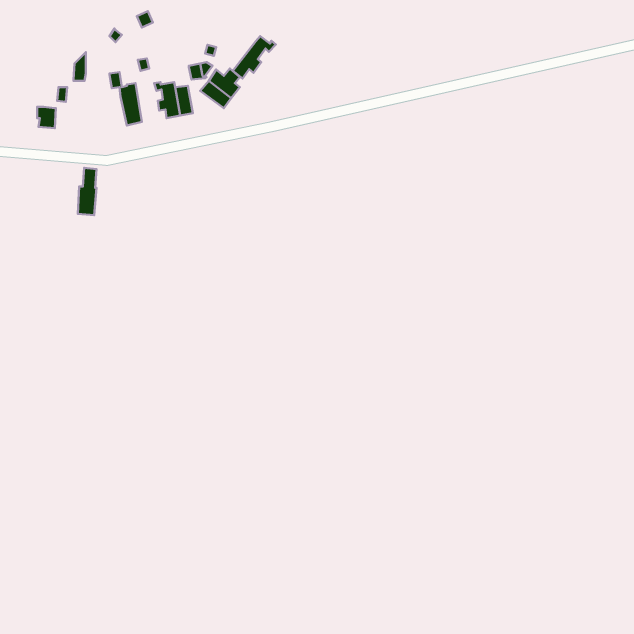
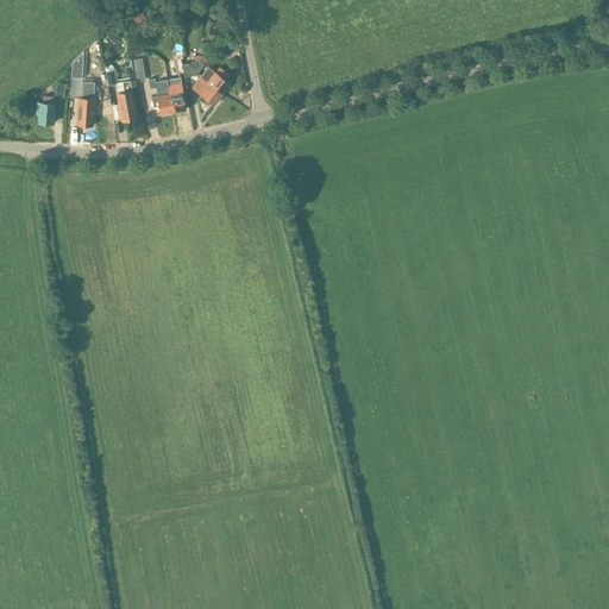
building: [233,36,276,78] -> none
building: [78,168,97,215] -> [76,81,94,126]

